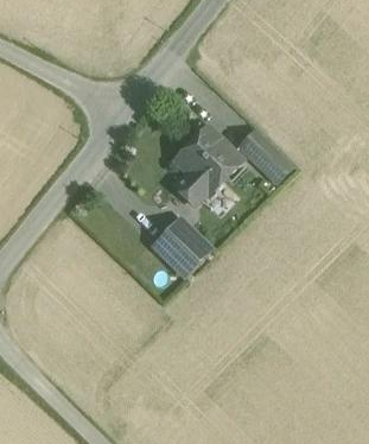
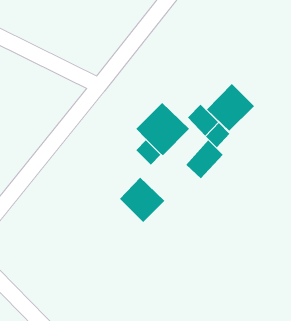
building: none -> [206,83,255,132]
building: none -> [185,139,223,179]

